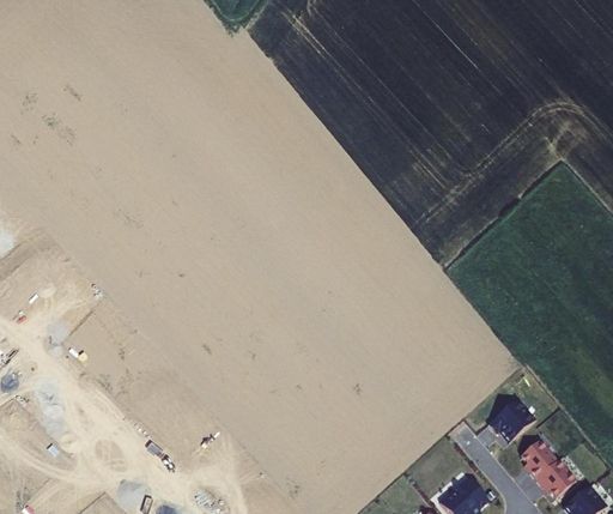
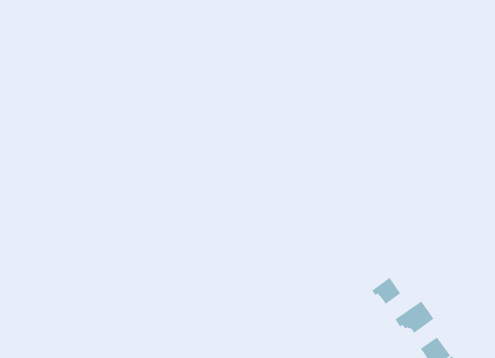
building: none -> [371,277,401,305]

